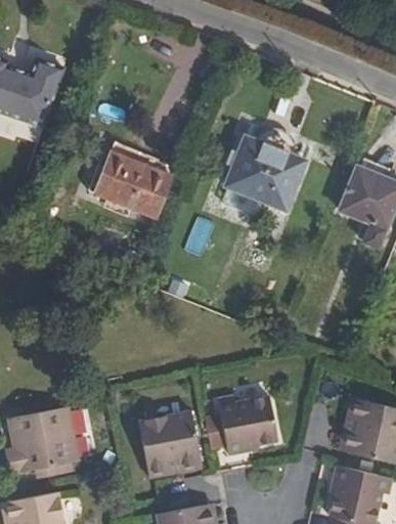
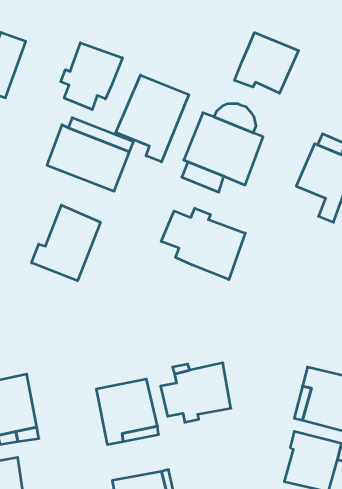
building: none -> [234,33,299,93]
building: none -> [61,43,122,110]
building: none -> [116,75,189,162]
building: none -> [32,205,100,281]
building: none -> [161,208,245,280]

